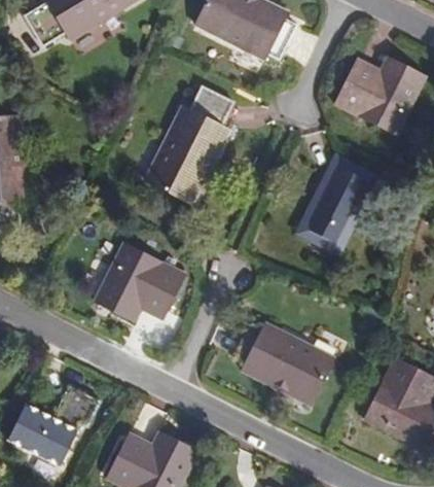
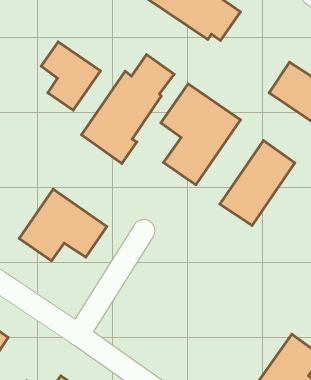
building: none -> [41,42,100,110]
building: none -> [161,84,240,185]
building: [232,318,333,401] -> none

